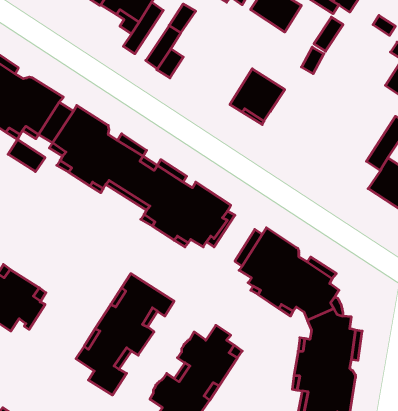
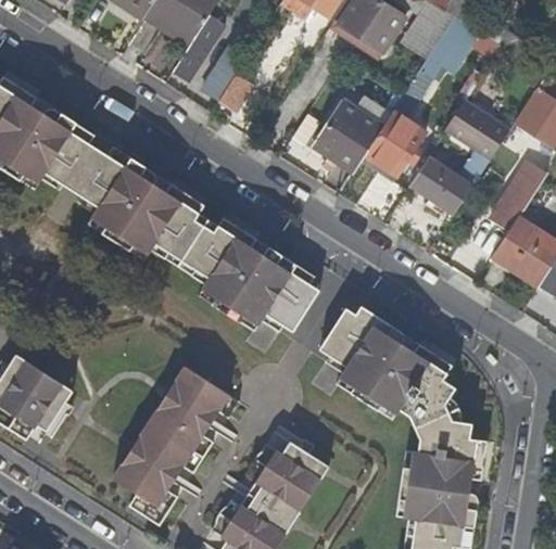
building: none -> [445,100,509,157]
building: none -> [365,110,425,175]
building: none -> [409,155,473,213]
building: [8,140,45,172] -> none

